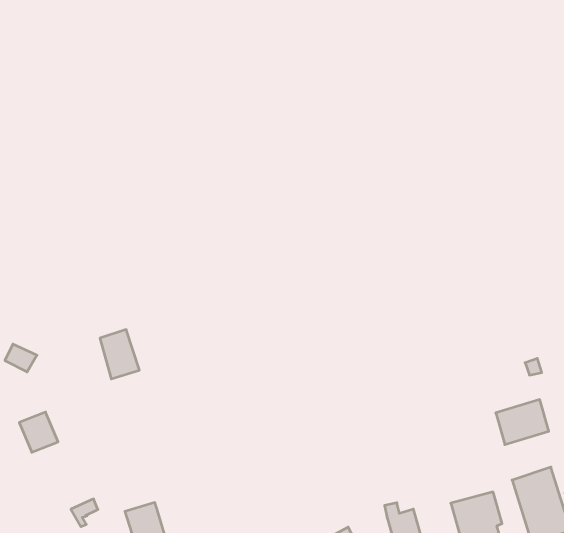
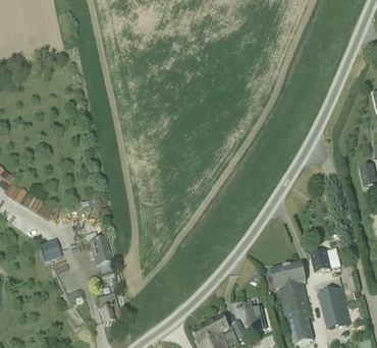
building: [100,330,139,379] -> [91,237,112,265]
building: none -> [270,262,307,303]

